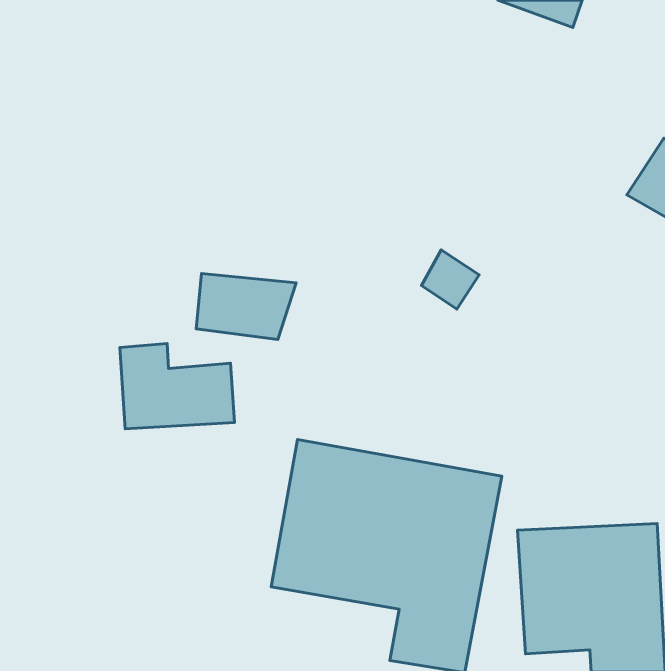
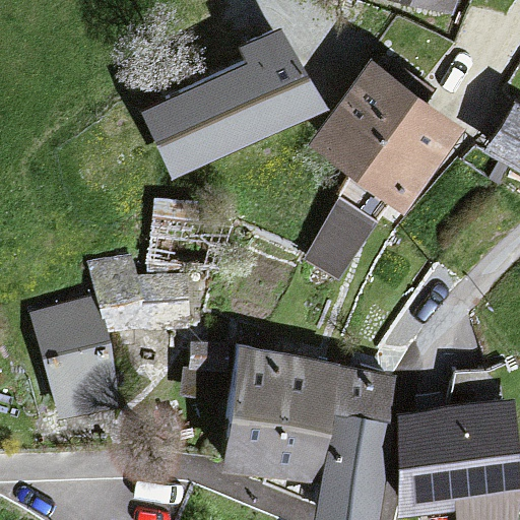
building: none -> [164,55,317,168]
building: none -> [311,67,458,210]
building: none -> [35,303,116,417]

